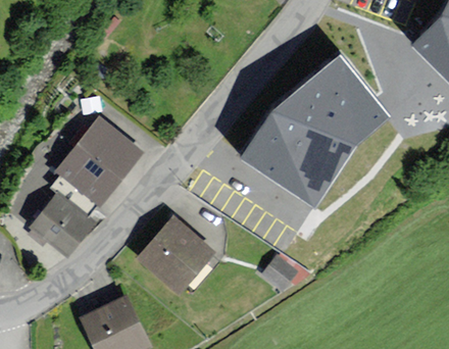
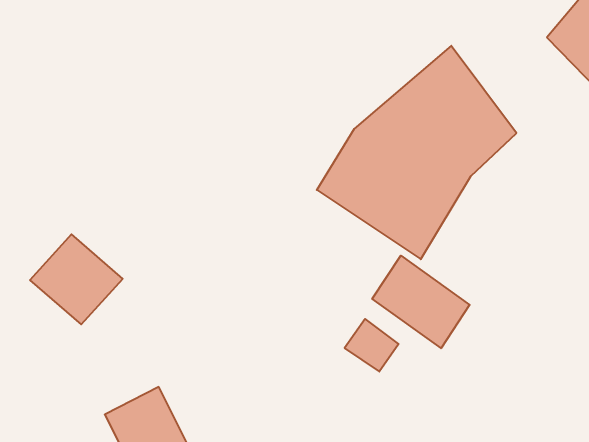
building: [54,121,139,208] -> none
building: none -> [372,256,470,348]
building: [138,214,217,294] -> none

